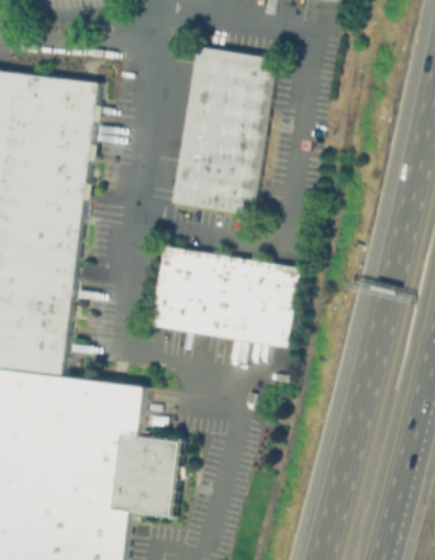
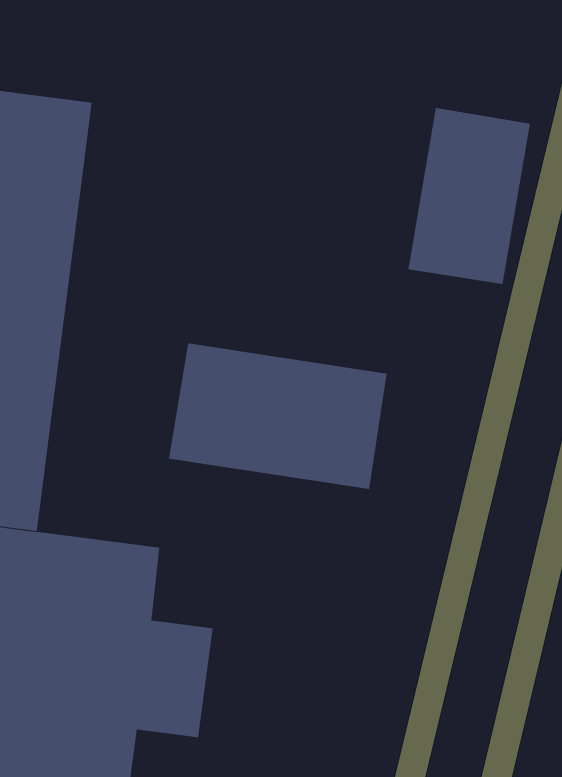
building: [172,47,277,216] -> none
building: none -> [408,107,530,285]

